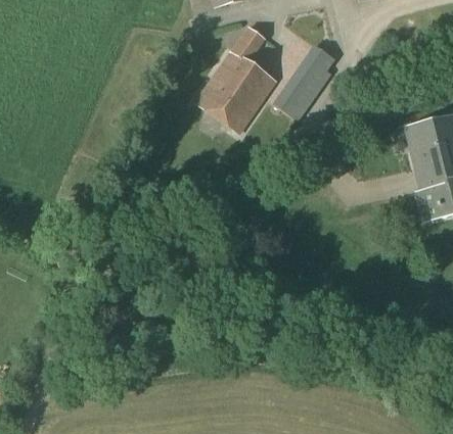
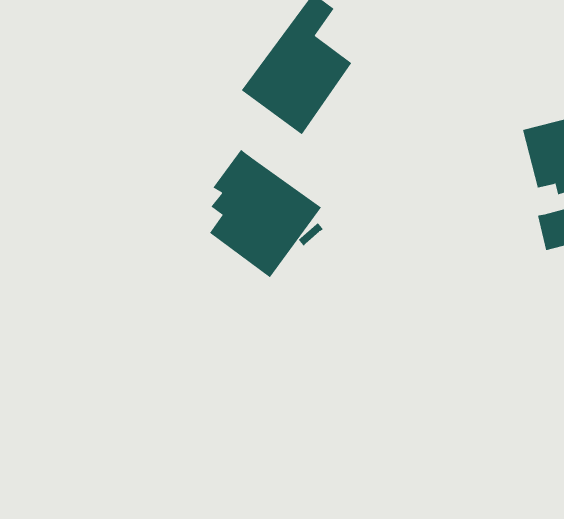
building: [272,42,341,119] -> none
building: none -> [209,149,322,278]

